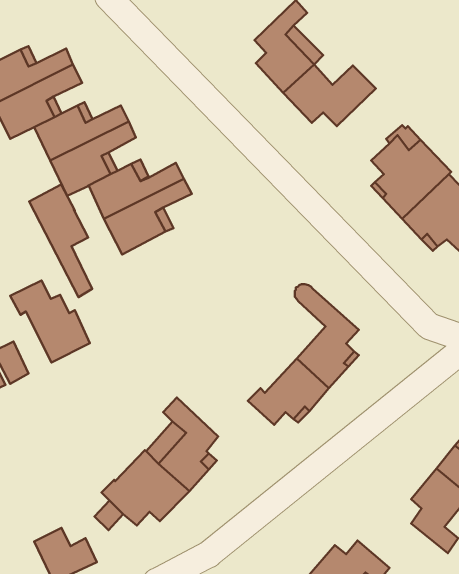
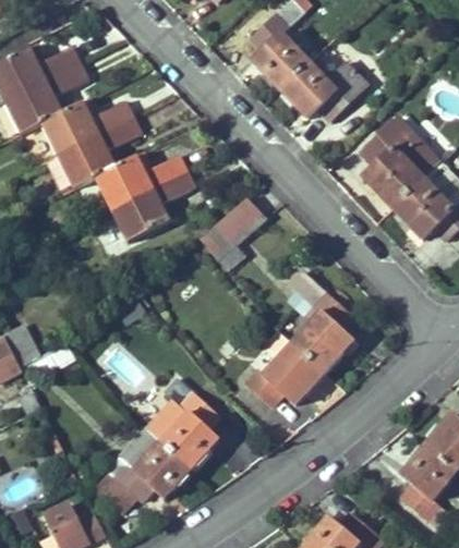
building: [29,185,92,297] -> none
building: none -> [200,198,265,259]
building: [10,280,90,363] -> none

